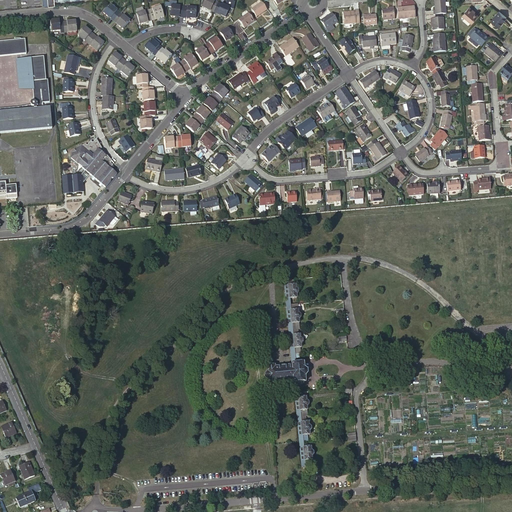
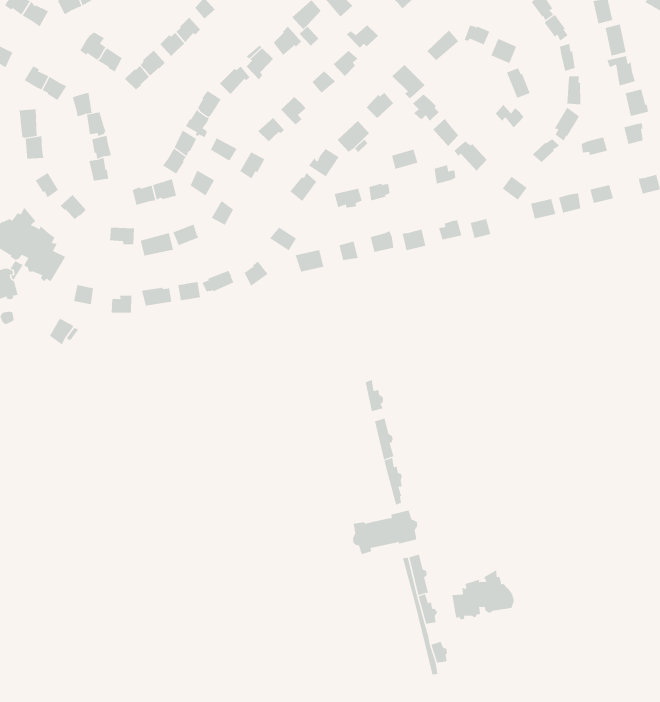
building: none -> [452,570,514,620]

